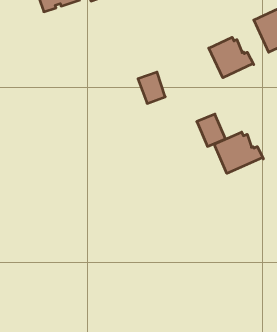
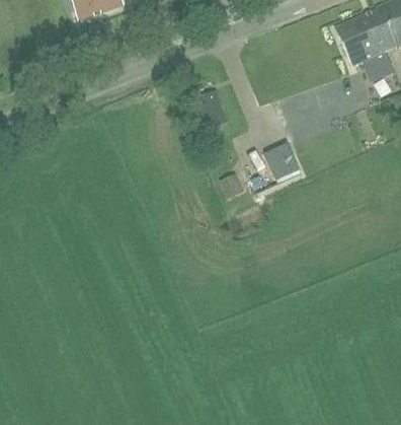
building: [209,37,254,78] -> none
building: [214,132,263,173] -> none

